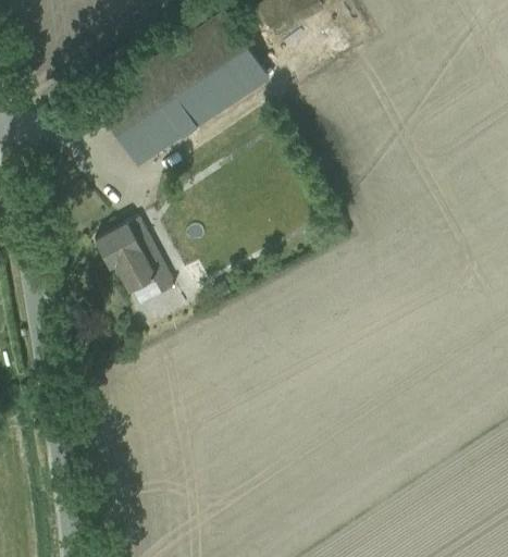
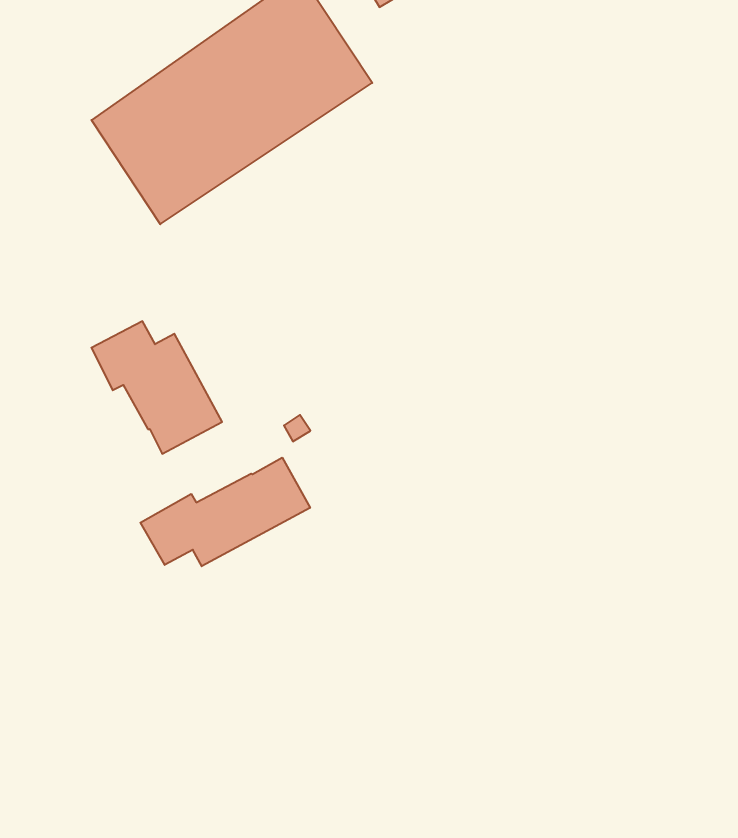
building: none -> [140,458,310,566]

